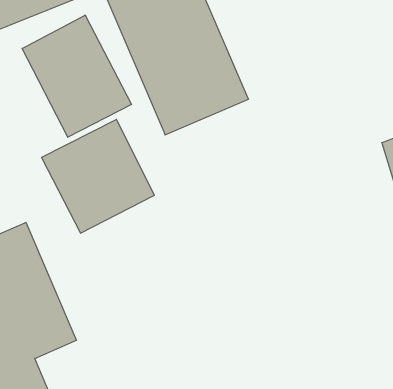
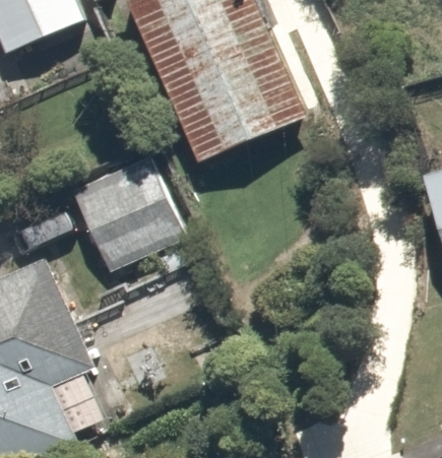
building: [22,15,131,137] -> none

